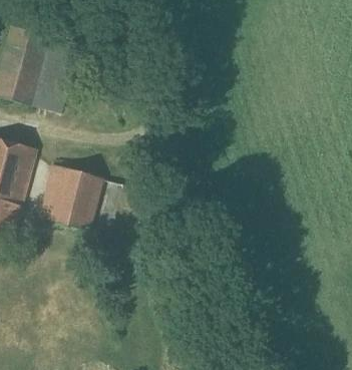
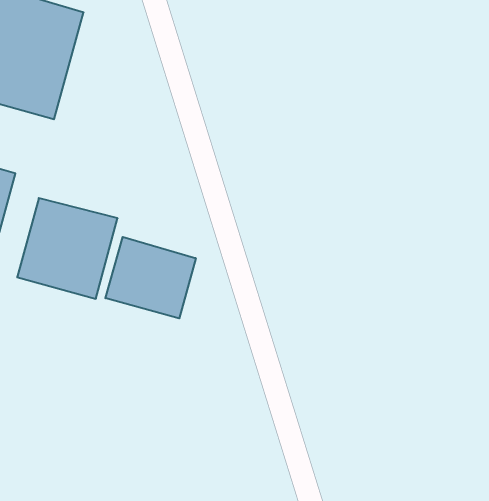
building: none -> [105,237,196,318]

